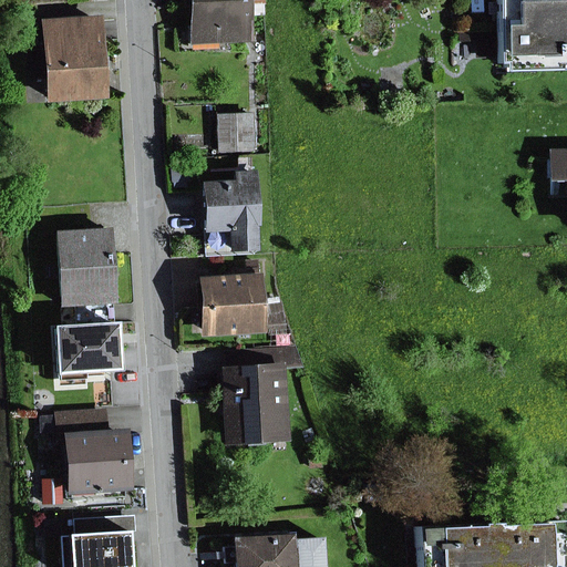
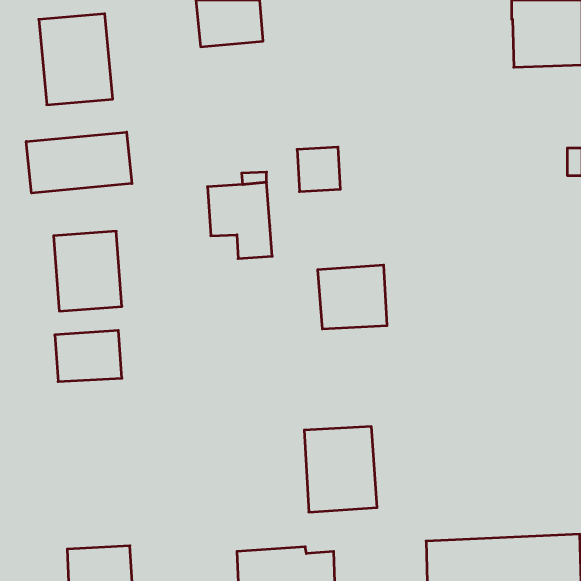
building: [217,107,259,151] -> [297,147,340,192]
building: none -> [26,132,132,193]
building: [200,272,268,334] -> [318,265,387,329]
building: [220,363,291,446] -> [304,427,377,512]
building: [48,406,134,504] -> none

